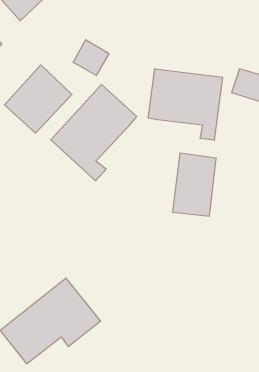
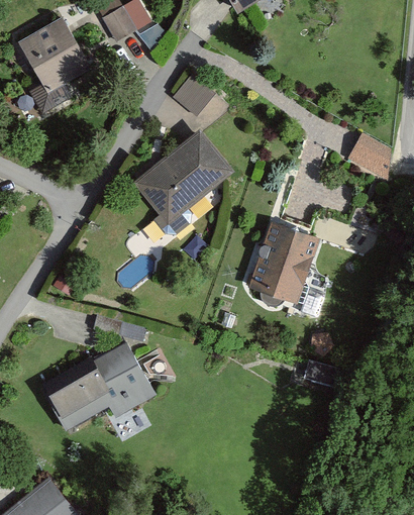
building: [4,65,72,133] -> none
building: [148,69,222,140] -> none

